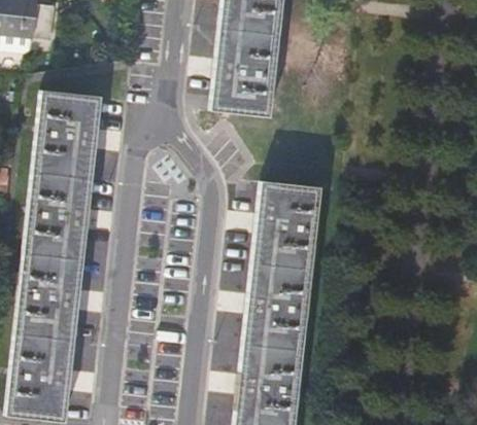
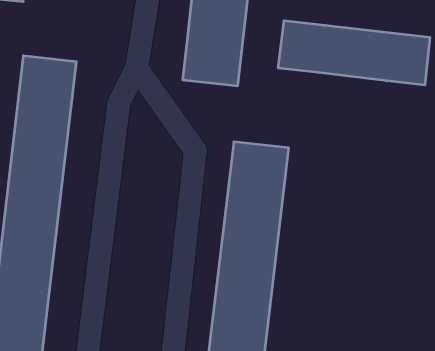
building: none -> [278,21,430,85]

